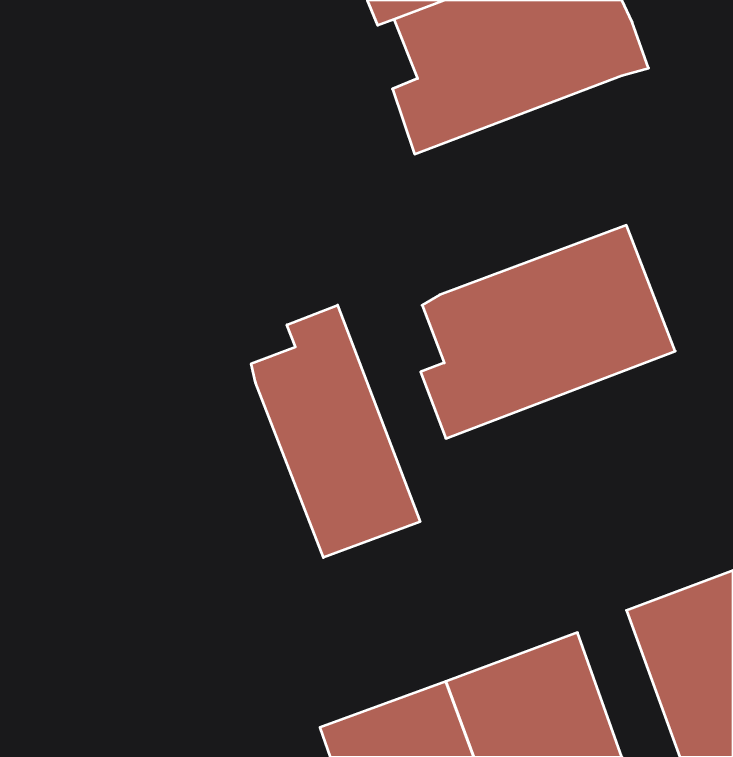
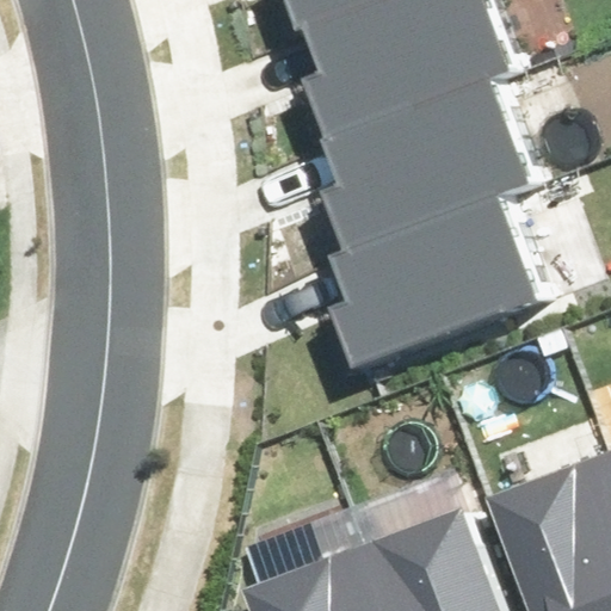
building: none -> [334,61,542,237]
building: [251,305,420,558] -> none

